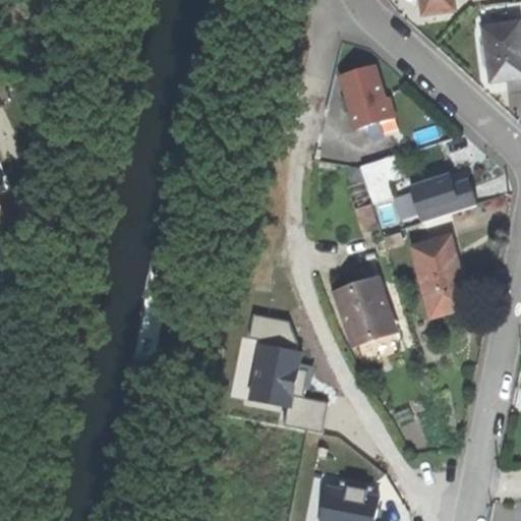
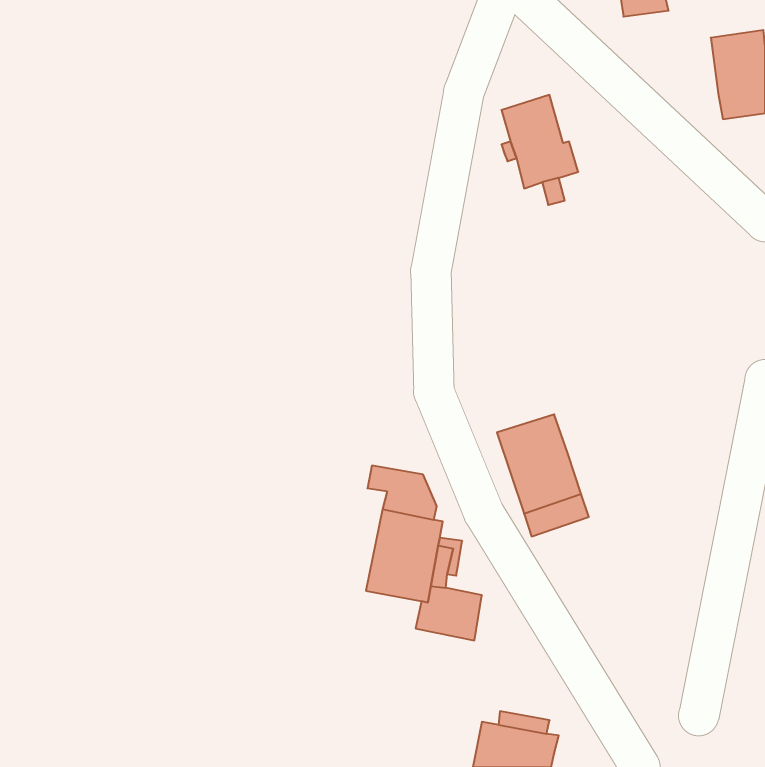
building: [359,155,403,201] -> none
building: [408,172,474,222] -> none
building: [410,236,466,315] -> none

